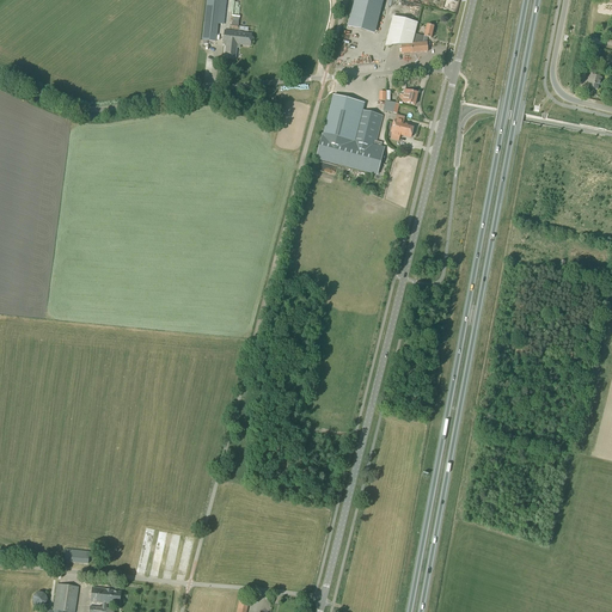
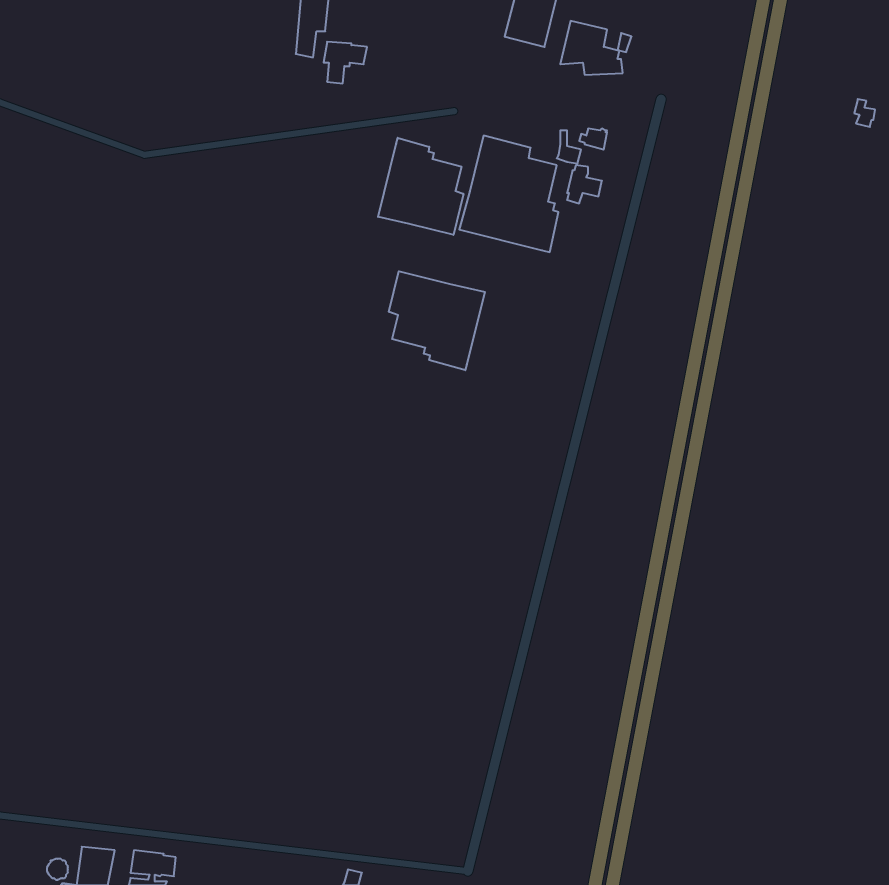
building: none -> [378,138,463,235]
building: none -> [389,271,485,370]

